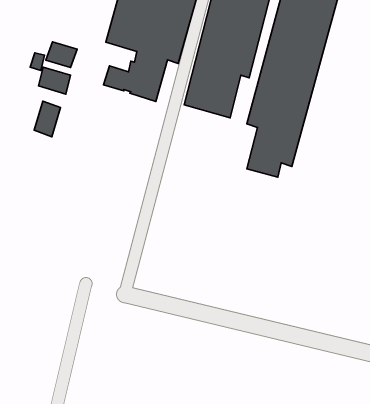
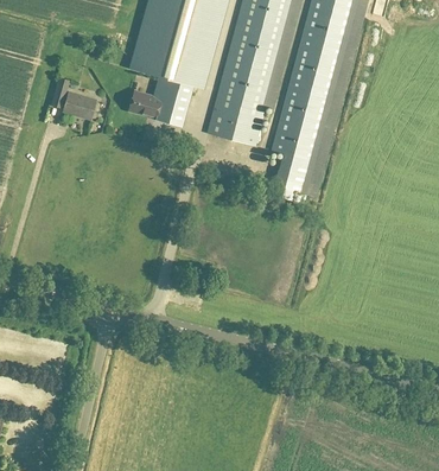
building: [46,42,77,68] -> none
building: [34,101,61,137] -> none

